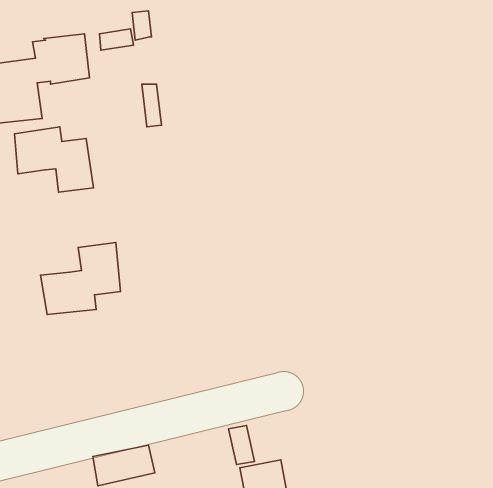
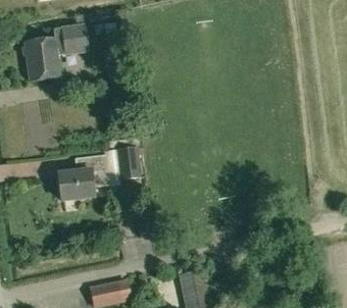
building: [14,127,93,192] -> none
building: none -> [116,147,141,179]

